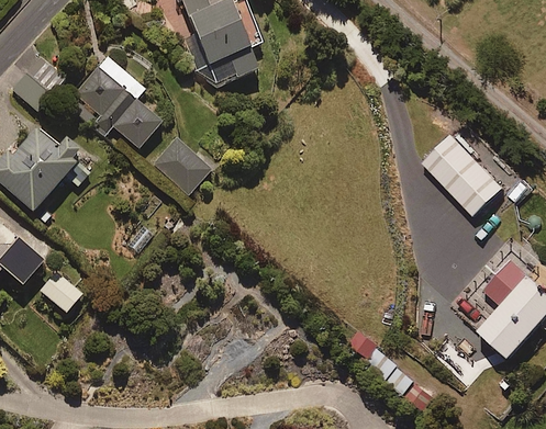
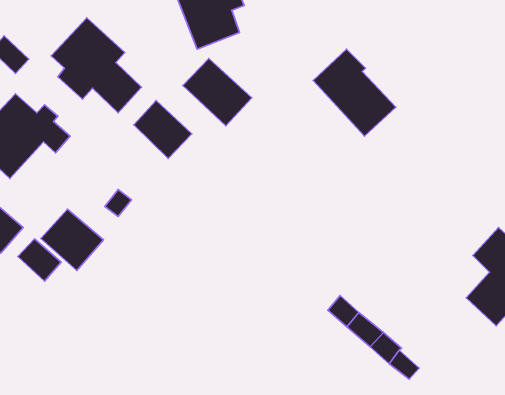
building: none -> [183,59,252,126]
building: [422,129,503,215] -> [313,49,396,136]
building: none -> [41,209,103,270]

